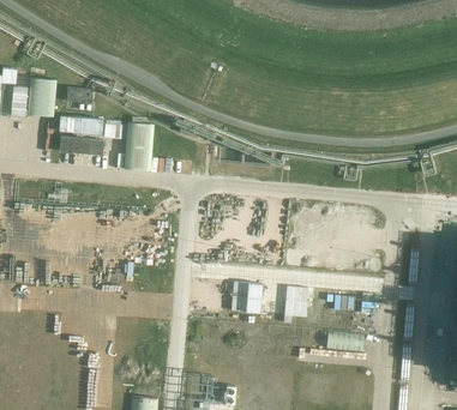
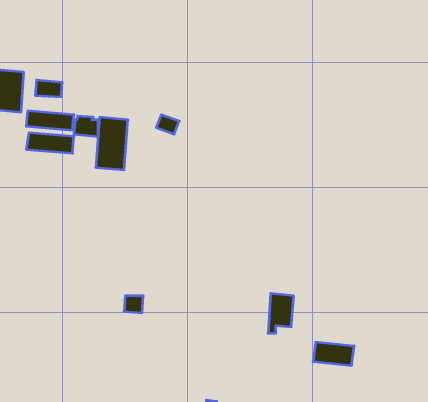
building: [231,282,263,313] -> none

